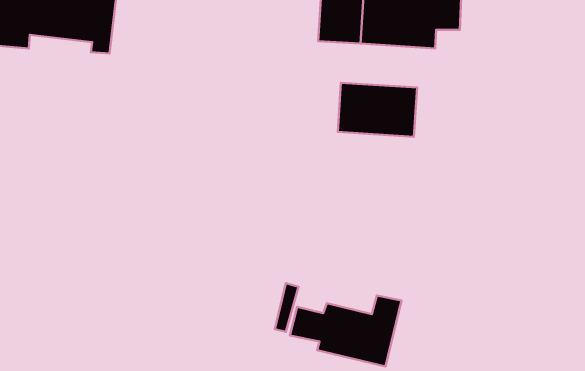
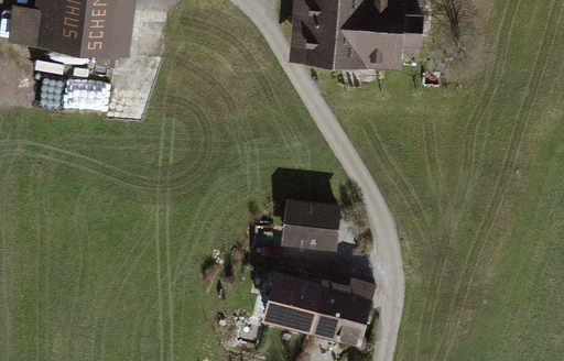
building: [338,83,417,137] -> none
building: none -> [283,206,341,250]

